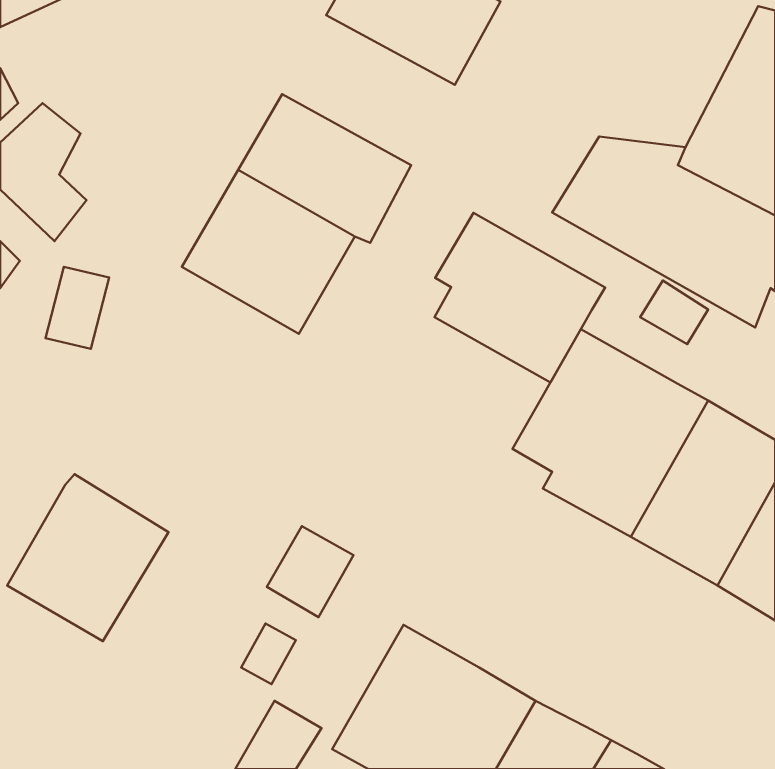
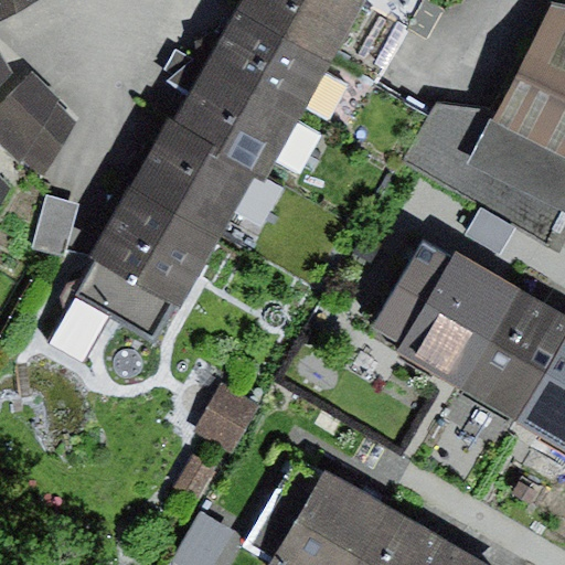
building: none -> [205,11,331,120]
building: [435,213,605,382] -> none
building: none -> [47,194,217,355]
building: [7,474,168,641] -> none

